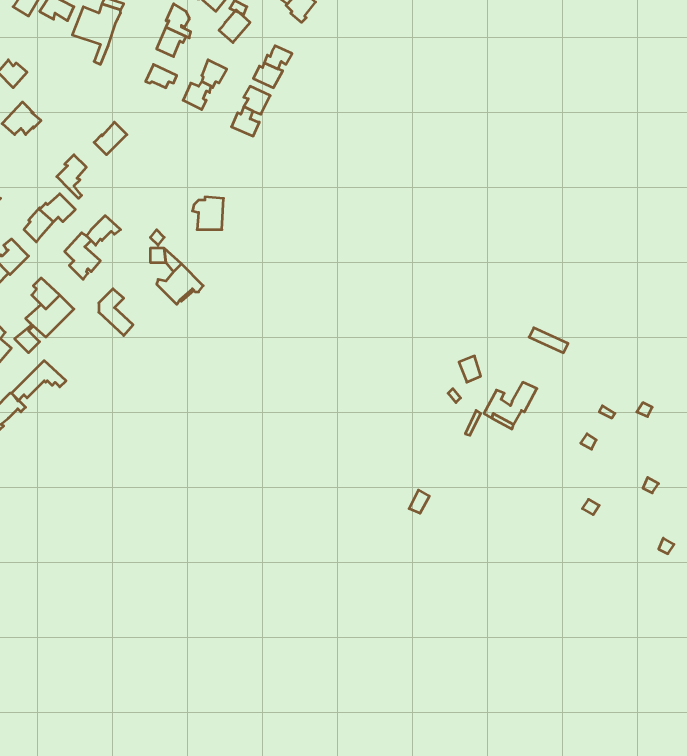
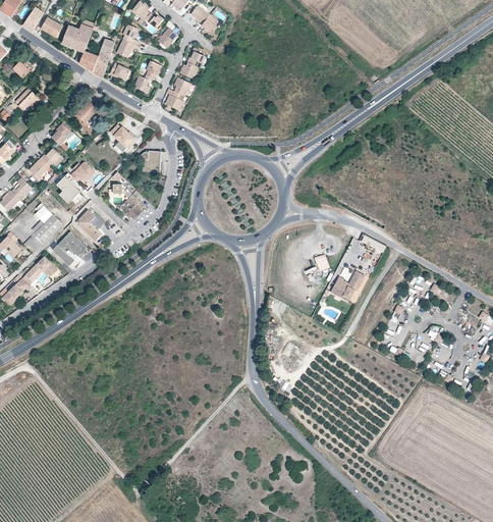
building: none -> [79,39,114,79]
building: none -> [107,122,134,153]
building: none -> [52,231,87,265]

